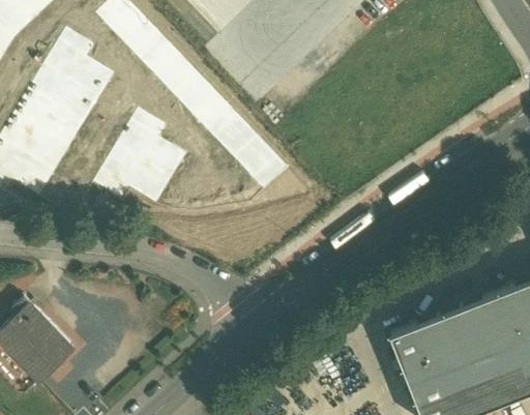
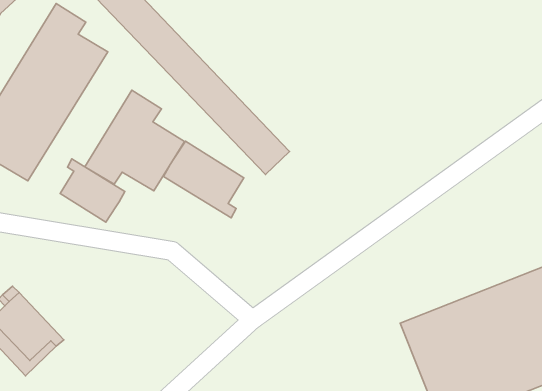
building: none -> [163,141,244,218]
building: none -> [60,159,125,222]

